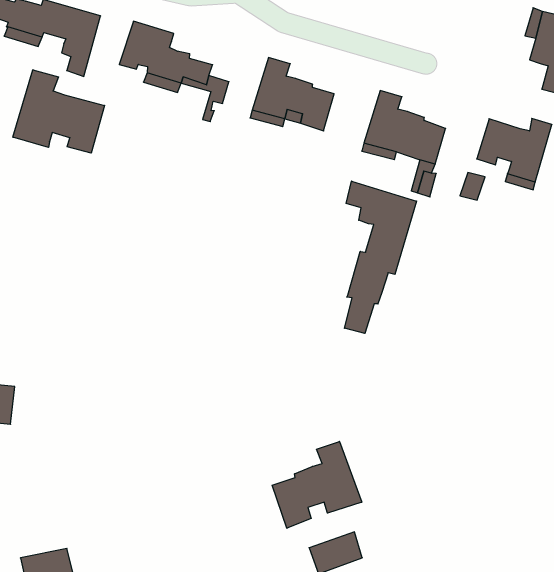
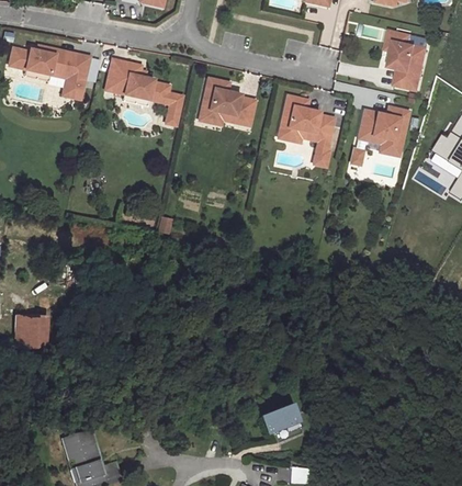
building: [13,70,105,153] -> none
building: [344,181,417,333] -> none
building: [272,441,362,528] -> none

